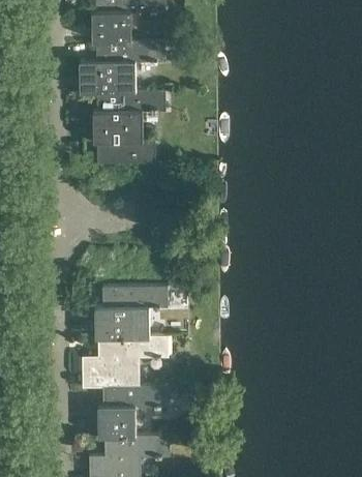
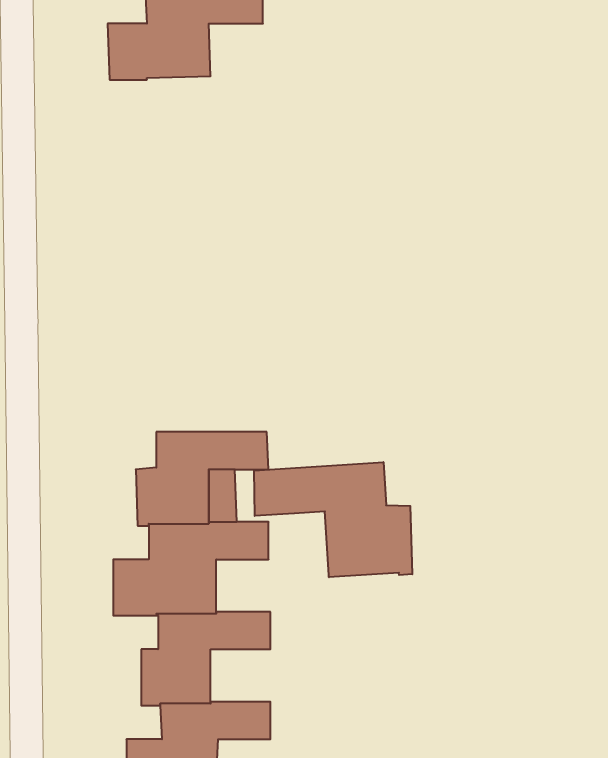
building: [91,90,163,163] -> none
building: none -> [254,462,412,577]

